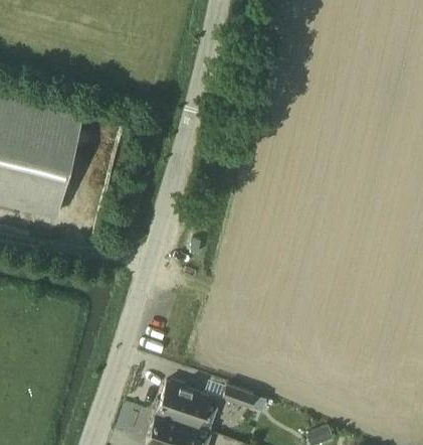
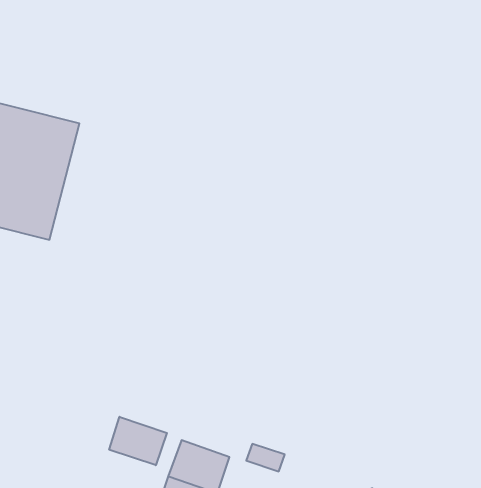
building: none -> [109,417,167,465]

